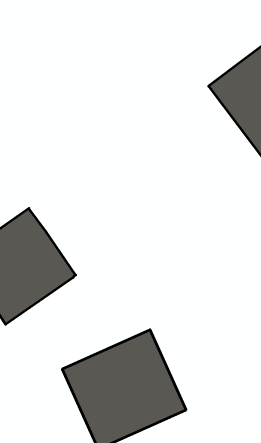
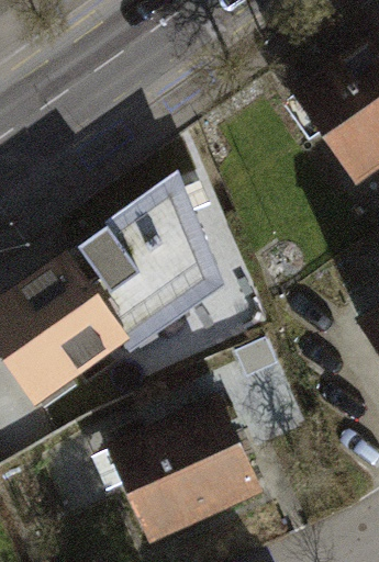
building: none -> [81,179,221,349]

